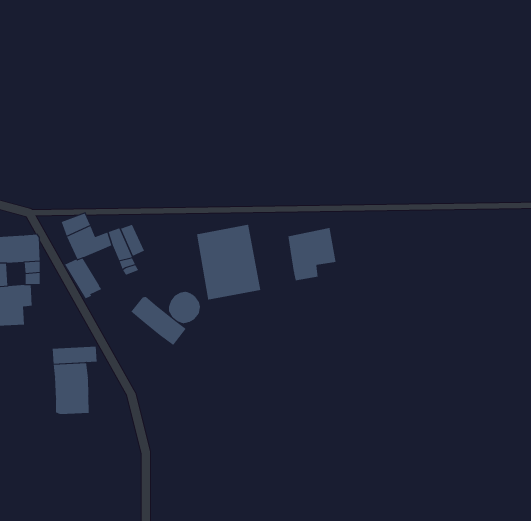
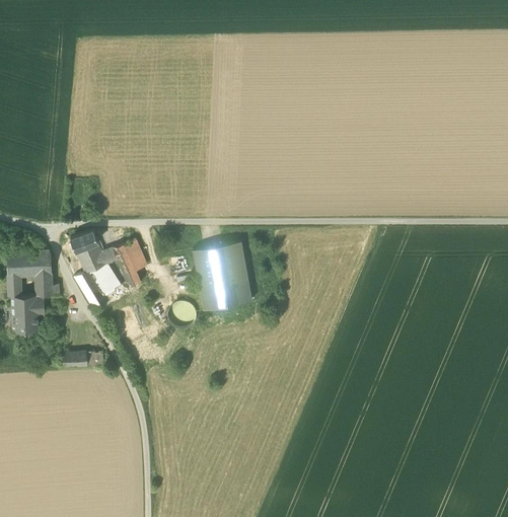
building: [288,227,336,281] -> none
building: none -> [91,264,122,296]
building: [131,296,187,346] -> none
building: [53,362,89,415] -> none

